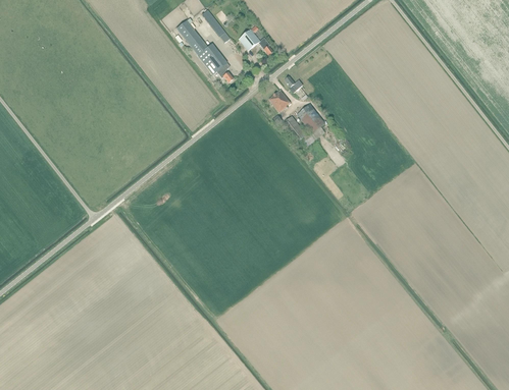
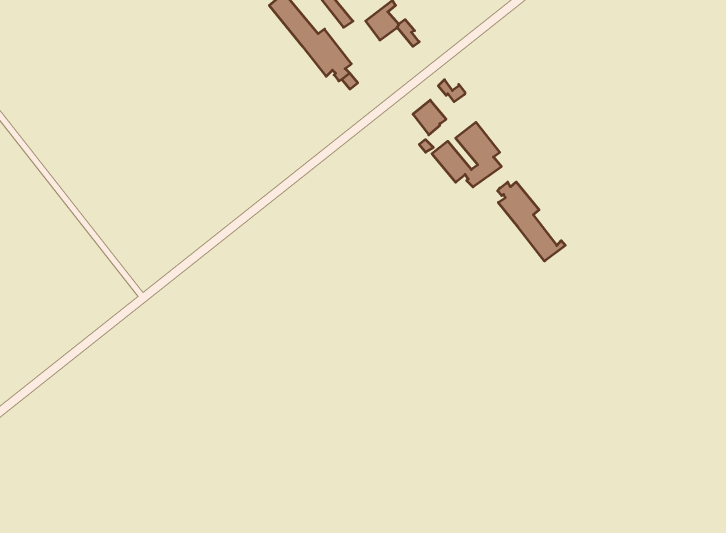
building: none -> [498,182,565,261]

